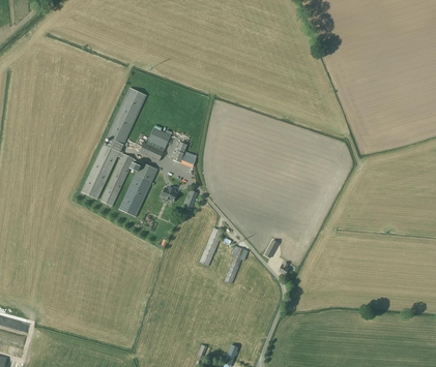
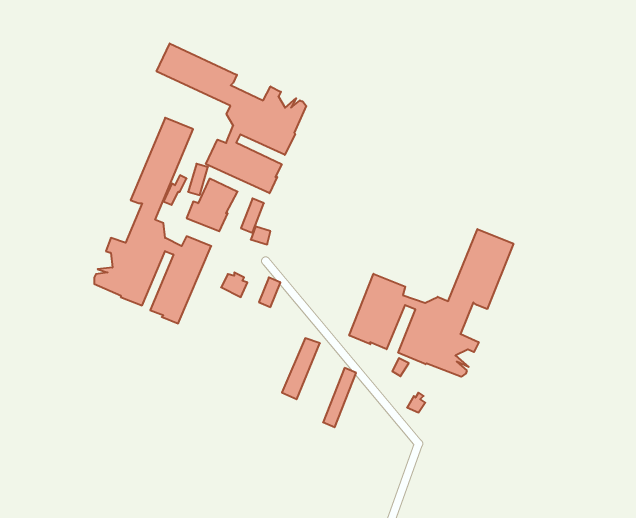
building: none -> [157,43,306,193]
building: none -> [349,229,513,377]

